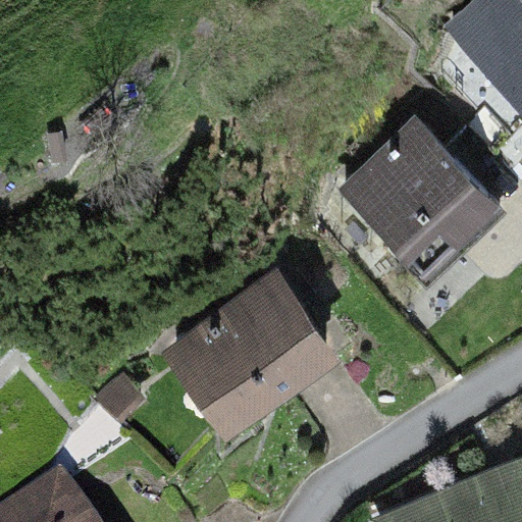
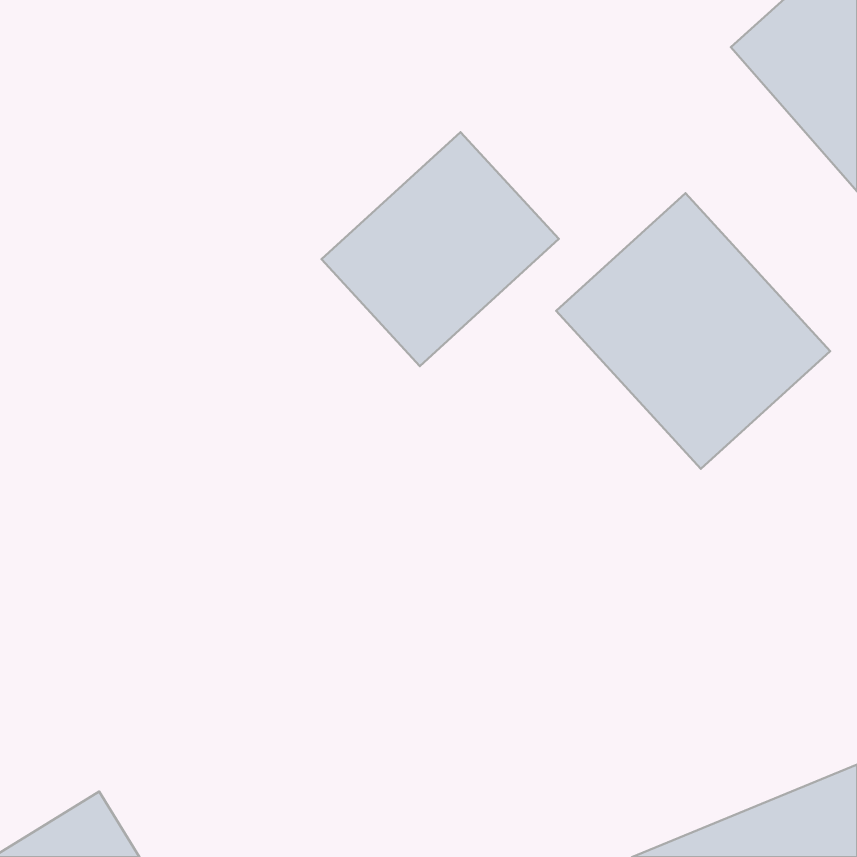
building: none -> [321,132,559,366]
building: [163,272,336,437] -> none

